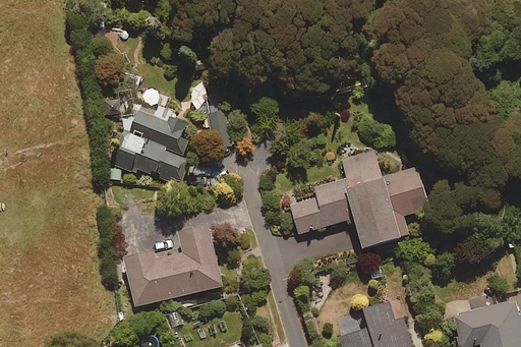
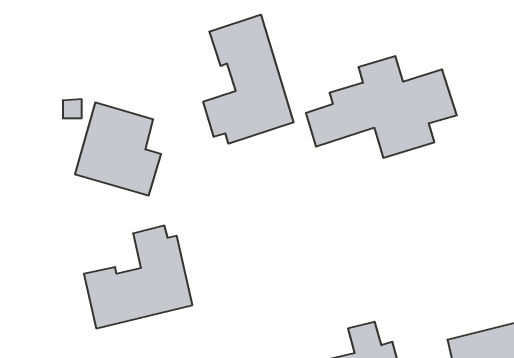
building: none -> [203,15,294,144]
building: [292,155,429,247] -> [306,56,457,158]

